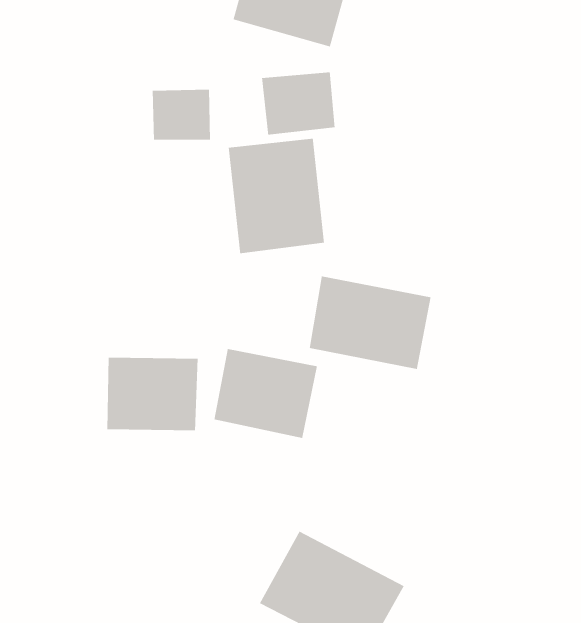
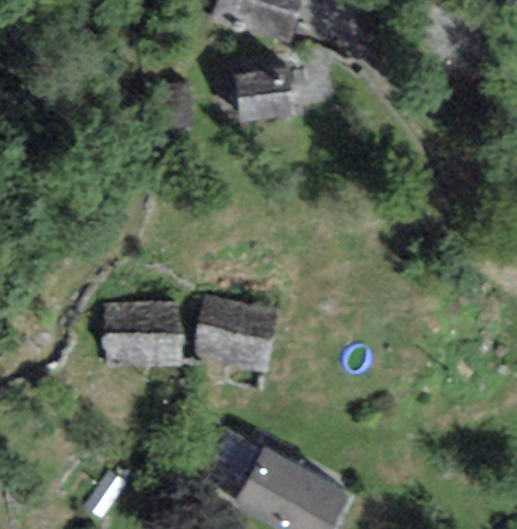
building: [228,138,325,254] -> none
building: [309,275,432,370] -> none

